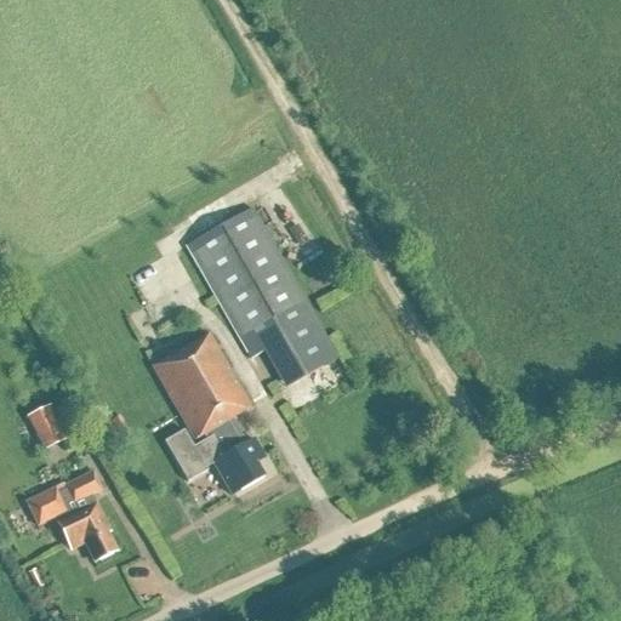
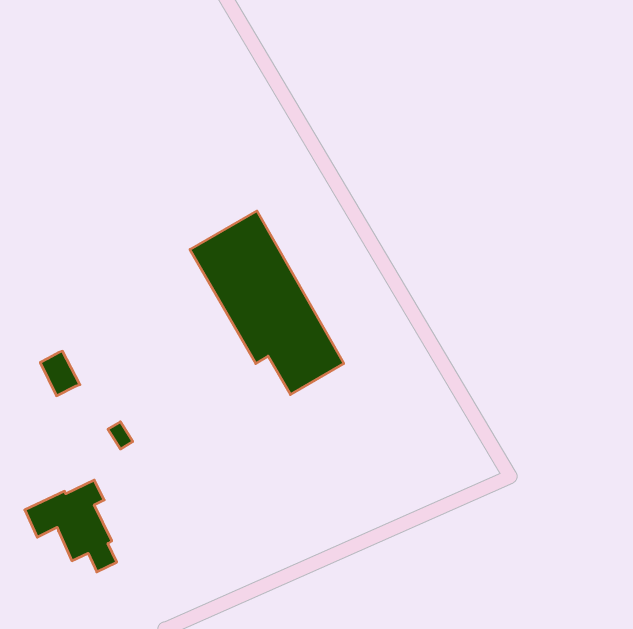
building: [152,331,264,492] -> none
building: [28,404,67,448] -> [40,351,80,396]

